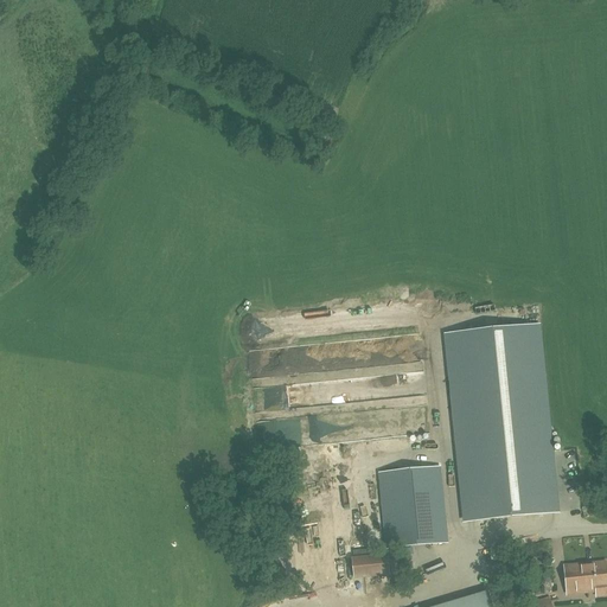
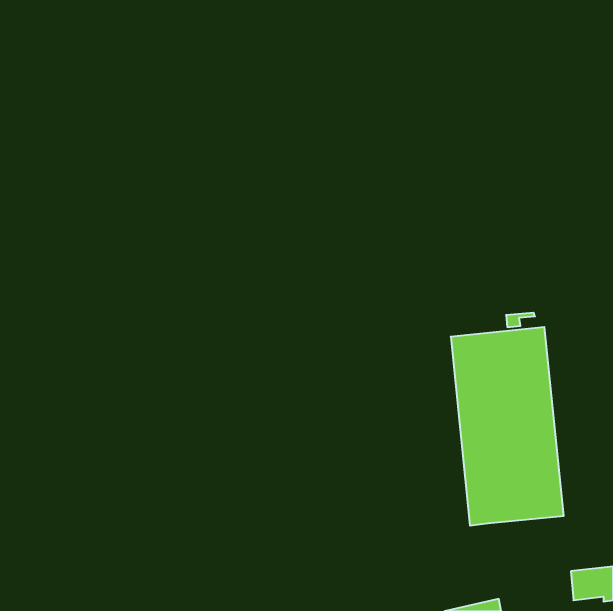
building: [378,465,447,544] -> none
building: [351,552,388,575] -> none

